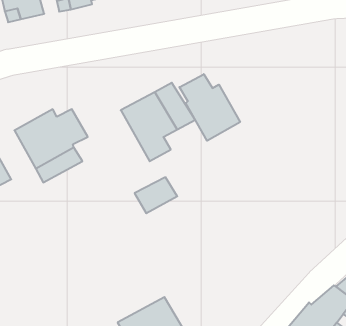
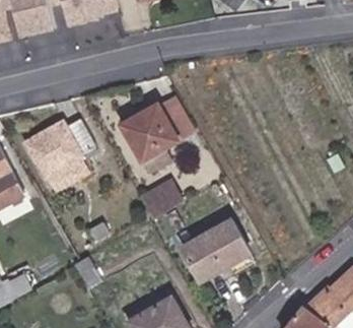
building: [179,74,240,141] -> none
building: none -> [182,218,250,279]

